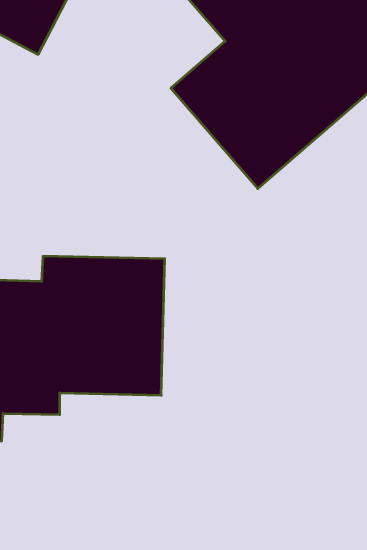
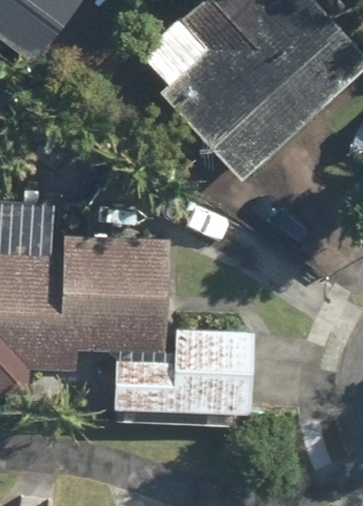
building: none -> [110,329,243,418]

